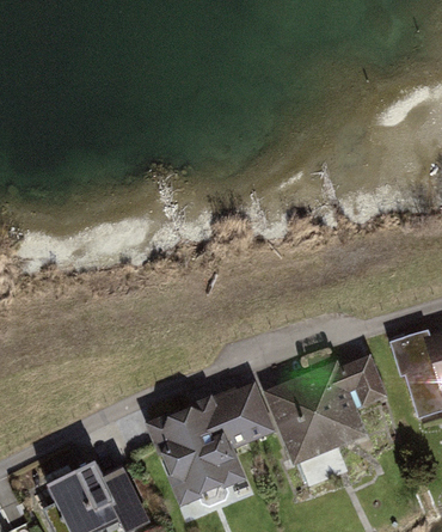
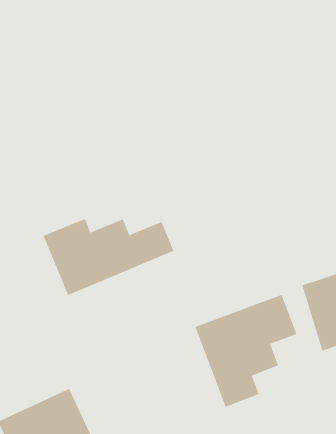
building: none -> [43,218,174,296]
building: [146,381,275,503] -> none

